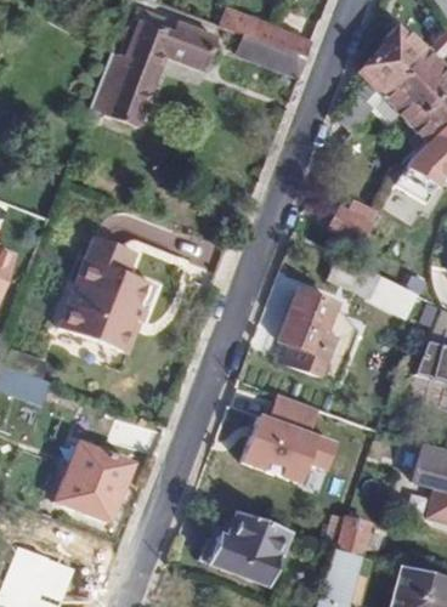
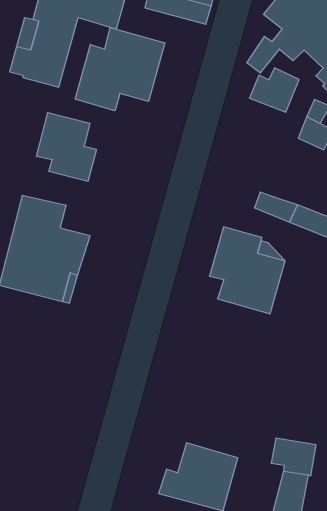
building: none -> [75,27,165,111]
building: none -> [37,112,96,181]
building: [326,198,379,245] -> [249,68,299,112]
building: [237,391,334,487] -> none
building: [53,442,134,521] -> none

